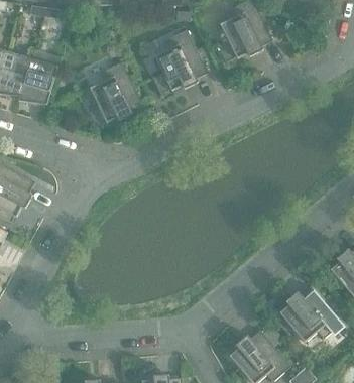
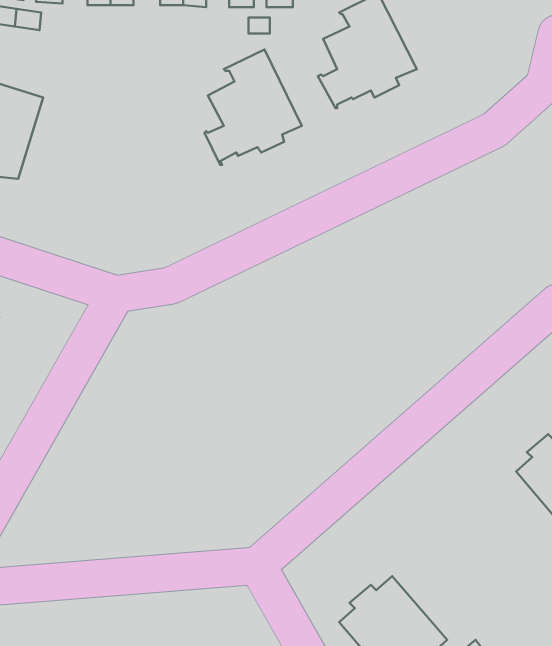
building: [88,60,141,122] -> none
building: [272,285,340,342] -> none

